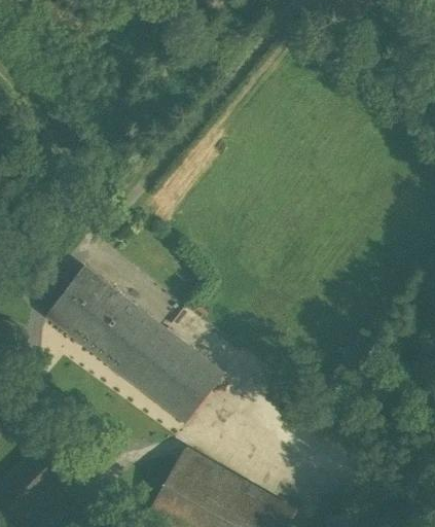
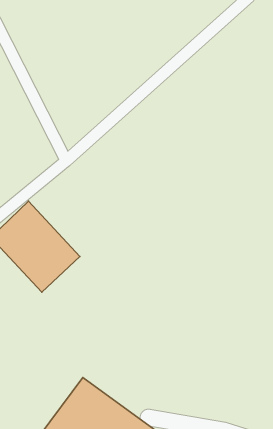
building: [115,320,223,422] -> none

